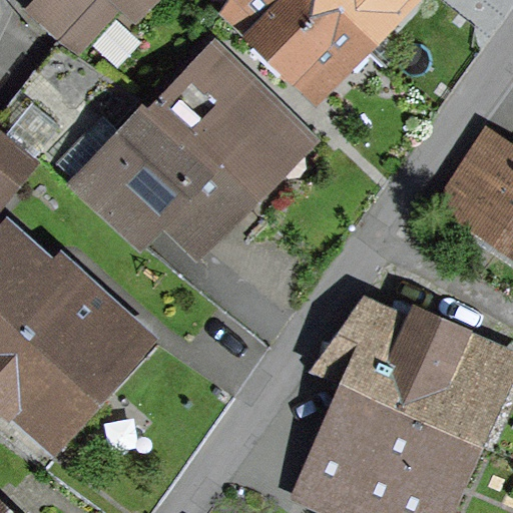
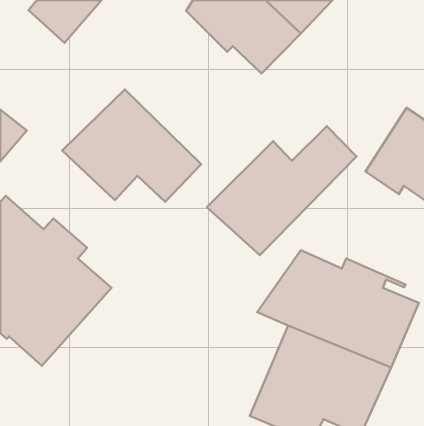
building: [154,55,302,198] -> none
building: none -> [207,126,357,255]

